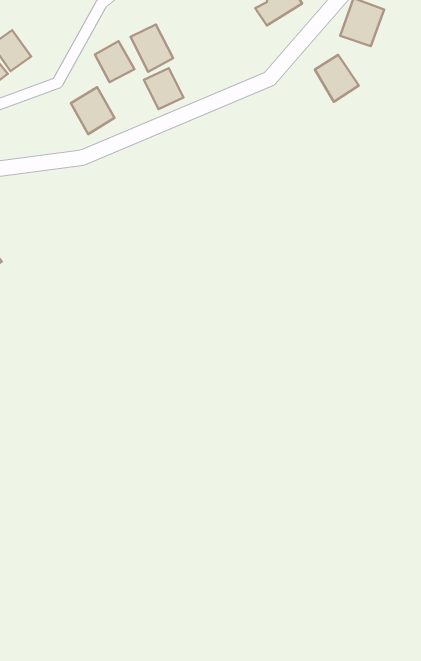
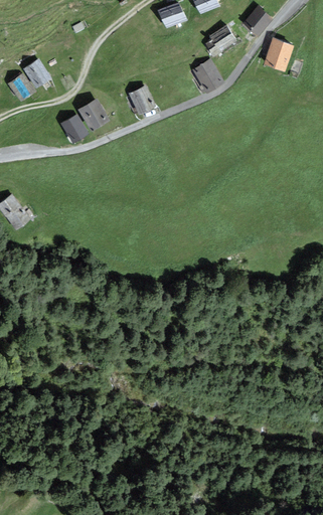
building: [130,24,173,72] -> none
building: [95,41,135,82] -> [61,114,89,142]
building: [315,55,359,102] -> [194,58,224,91]

